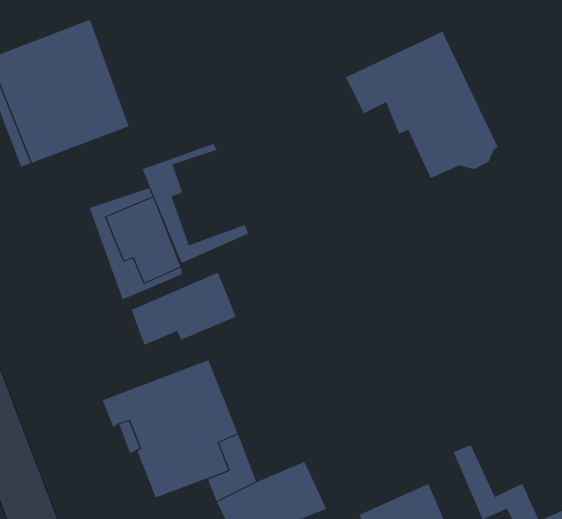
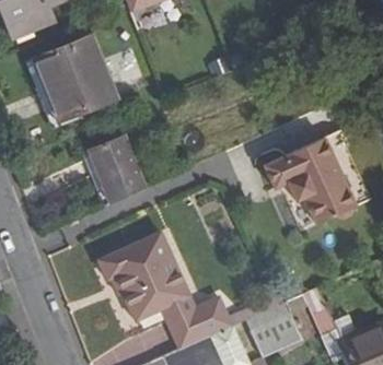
building: [345,31,498,179] -> [265,138,356,225]
building: [142,143,249,264] -> none
building: [131,272,237,345] -> none

